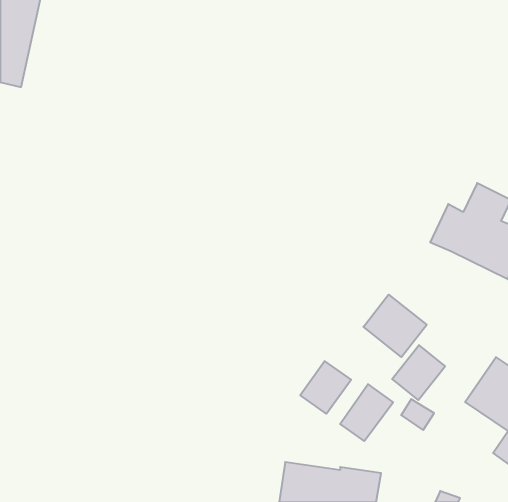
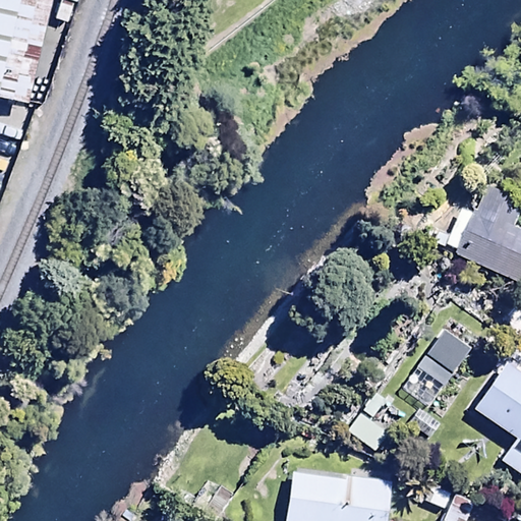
building: [363,295,427,357] -> none
building: [300,361,351,414] -> none

